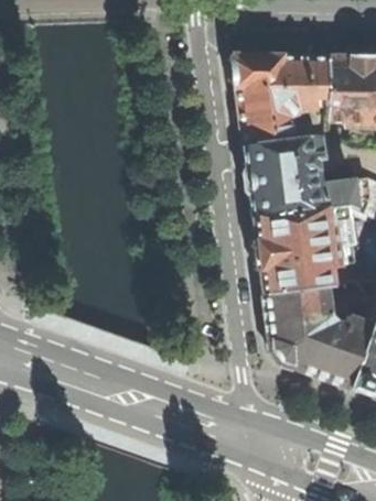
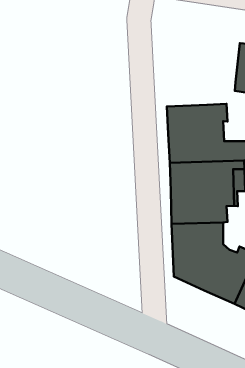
building: [235,54,332,144] -> none

